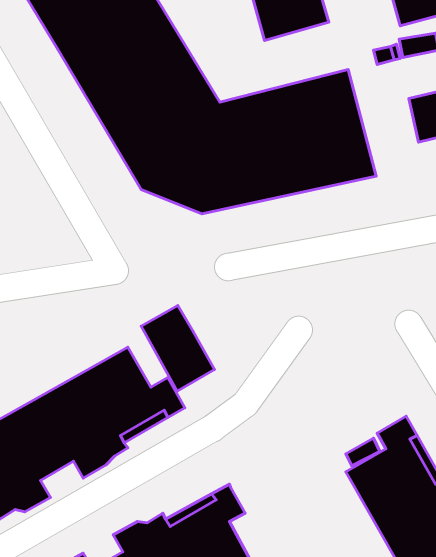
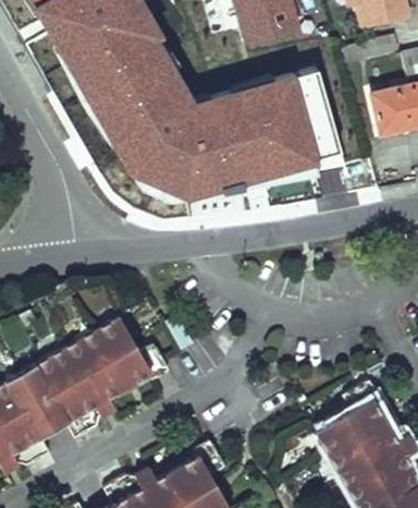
building: [141,305,214,391] -> none

